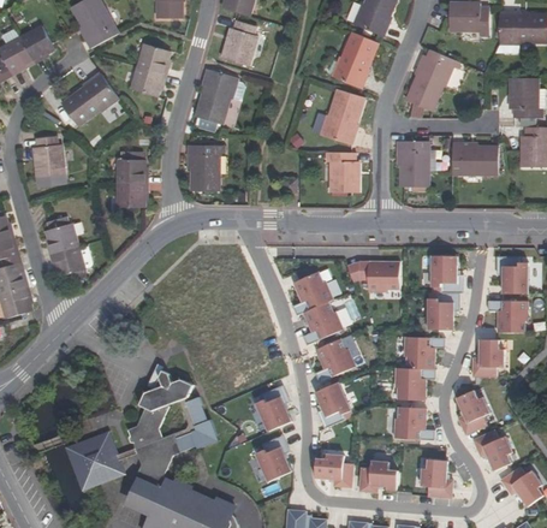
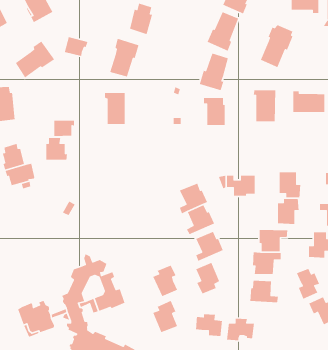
building: [137,43,168,73] -> none
building: [117,150,148,183] -> [46,137,68,160]
building: [421,459,452,497] -> none

